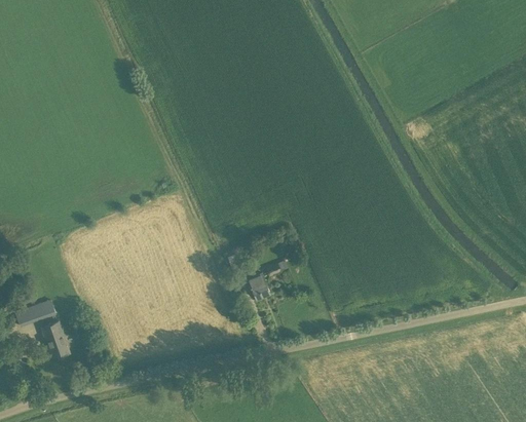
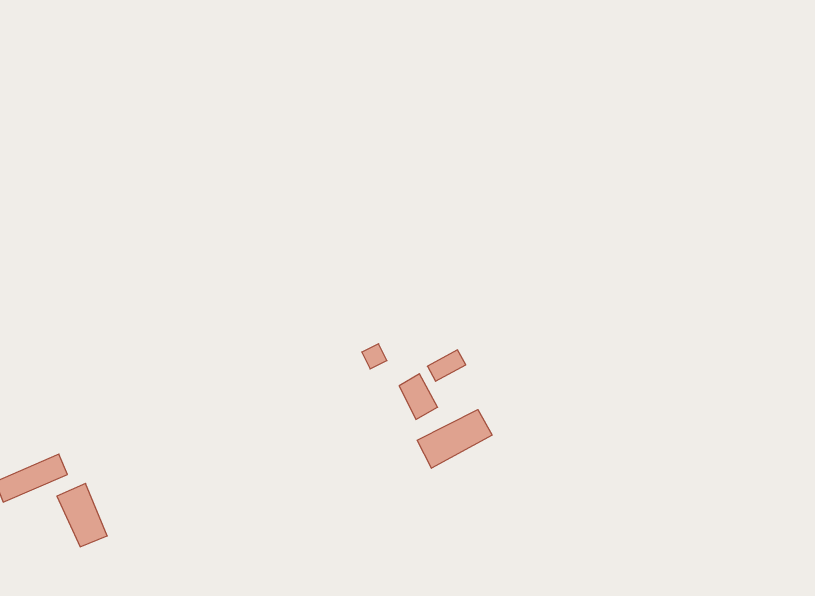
building: none -> [417,410,492,468]

